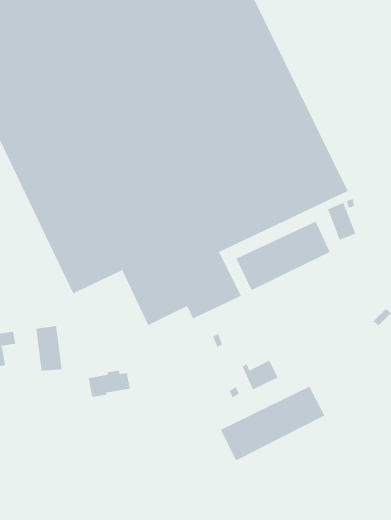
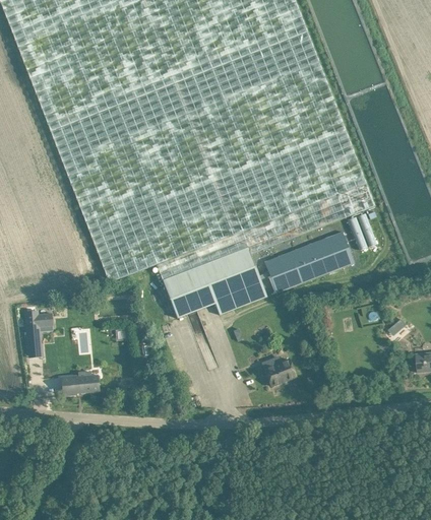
building: [88,370,131,397] -> [60,371,100,394]
building: [220,386,325,461] -> none

